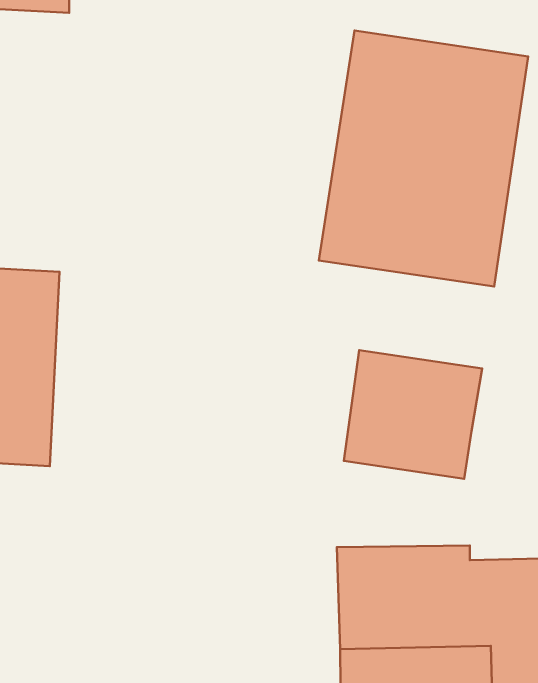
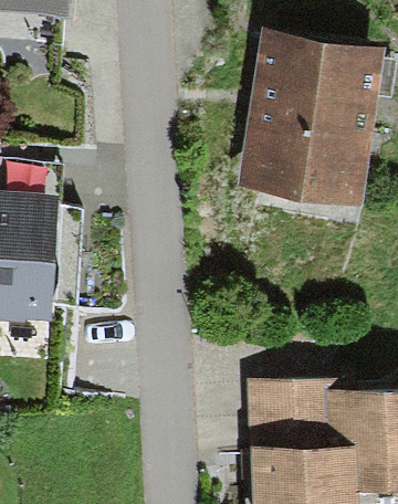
building: [344,350,482,479] -> none

